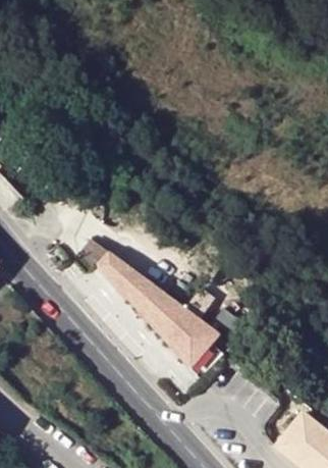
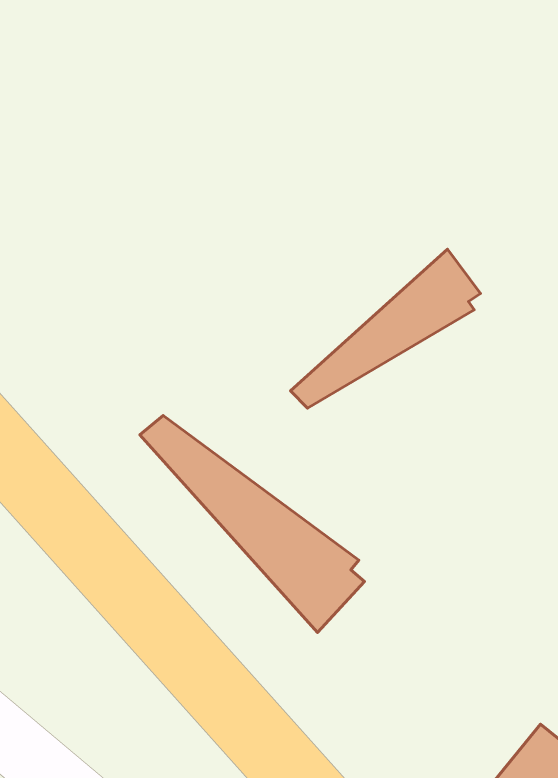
building: none -> [290,249,480,408]

